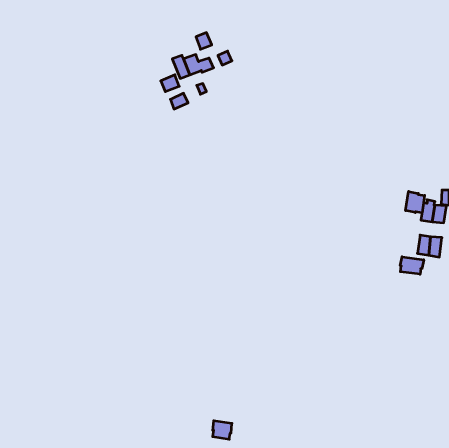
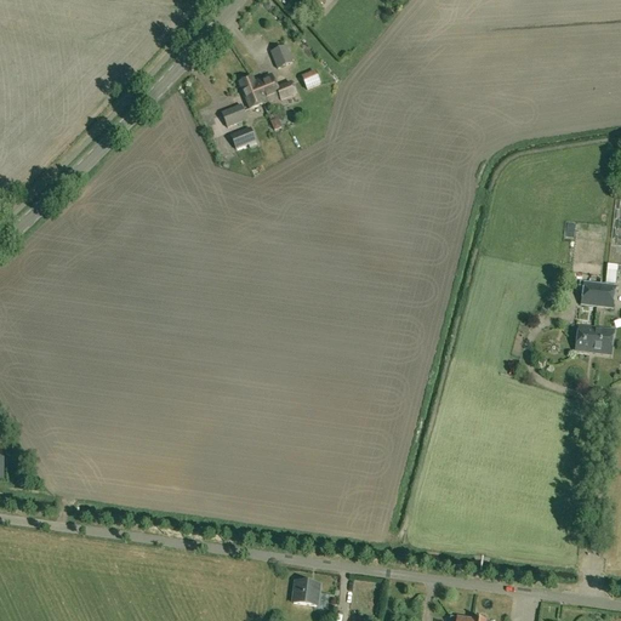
building: [406,191,425,213] -> none
building: [400,257,424,274] -> none

